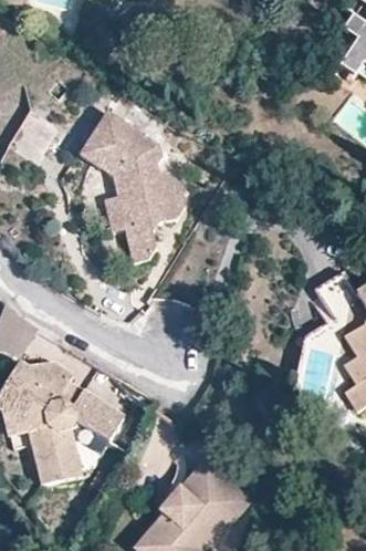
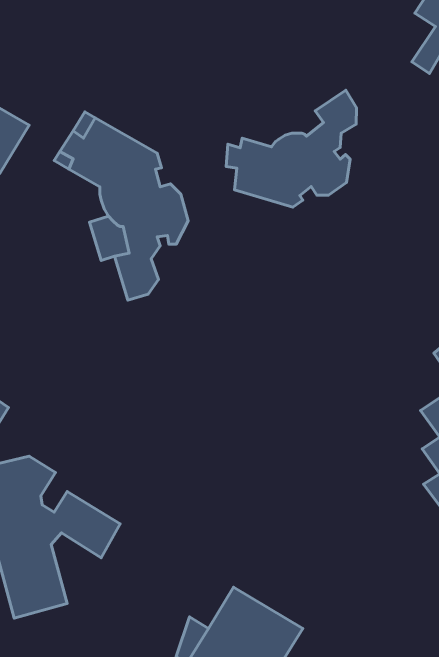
building: none -> [226,90,356,207]

